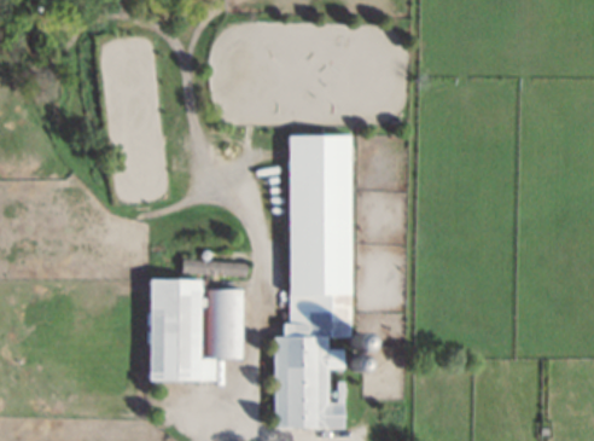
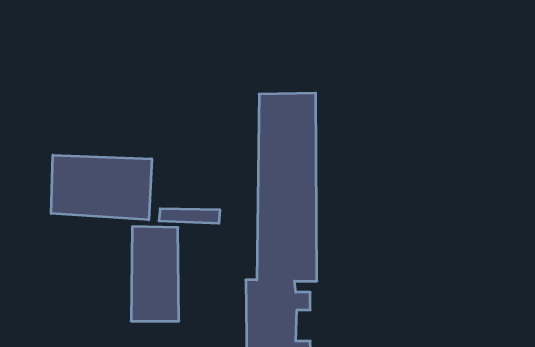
building: none -> [51,155,152,220]
building: [206,290,244,359] -> none

